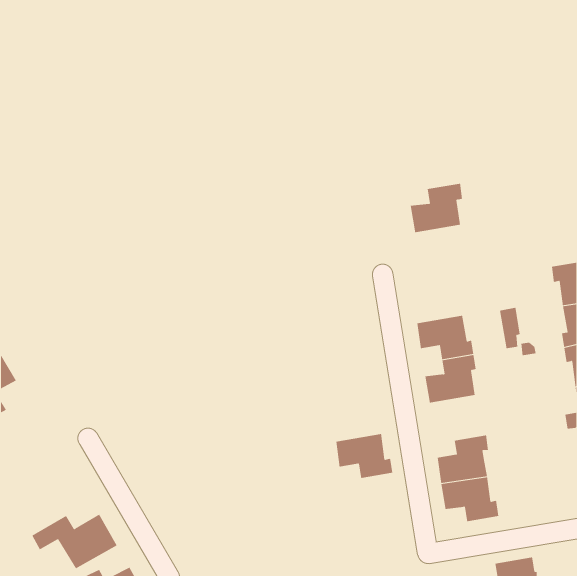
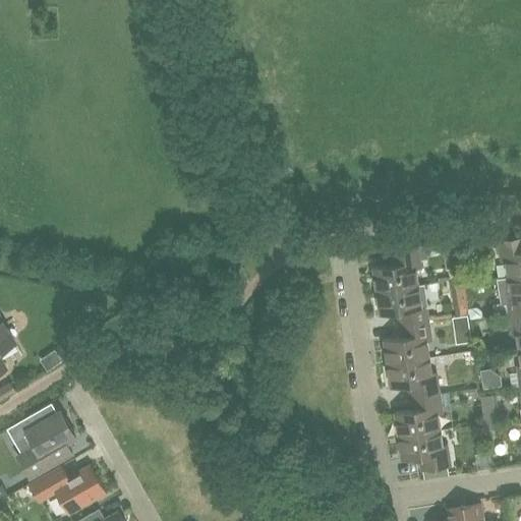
building: [410,183,463,233] -> [371,247,419,292]
building: [336,433,393,479] -> [387,357,439,398]
building: none -> [14,404,74,477]

